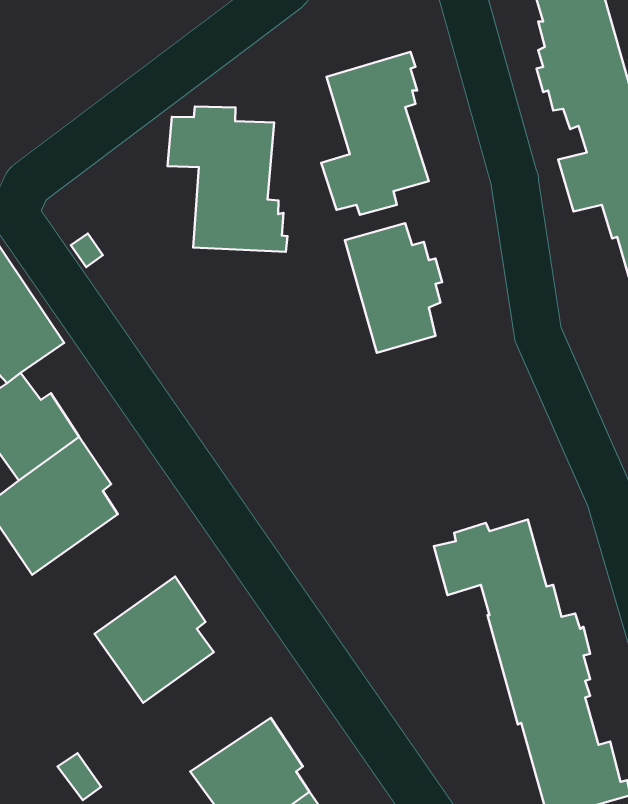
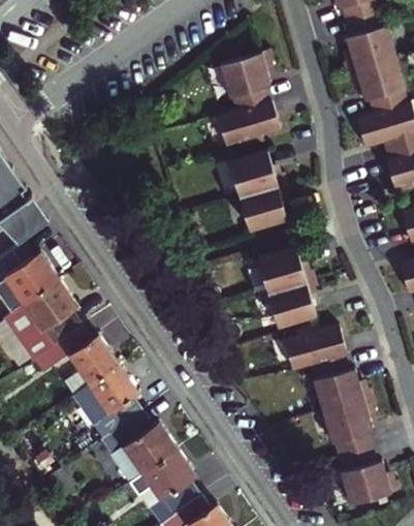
building: [168,107,287,252] -> none
building: none -> [253,248,314,328]
building: none -> [32,328,120,401]
building: none -> [100,412,179,486]

